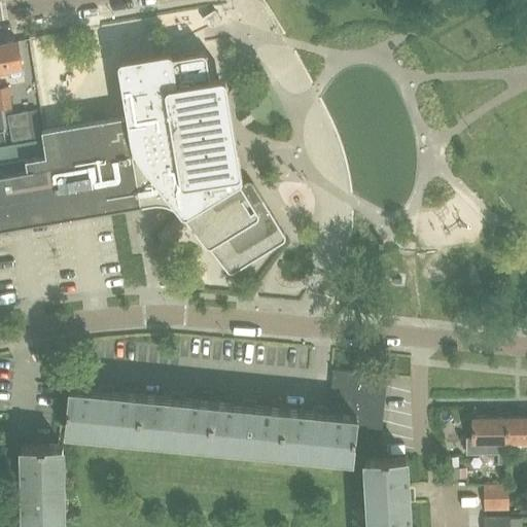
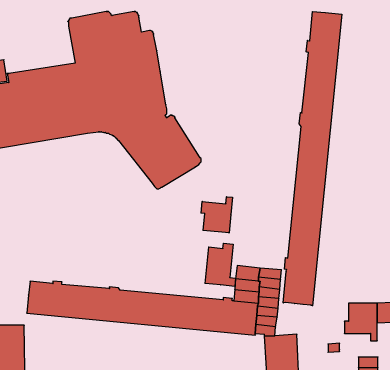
building: none -> [283,12,342,306]
building: none -> [201,197,232,233]
building: none -> [205,243,236,286]

